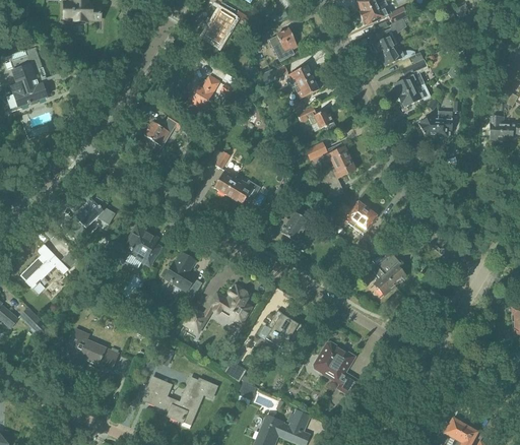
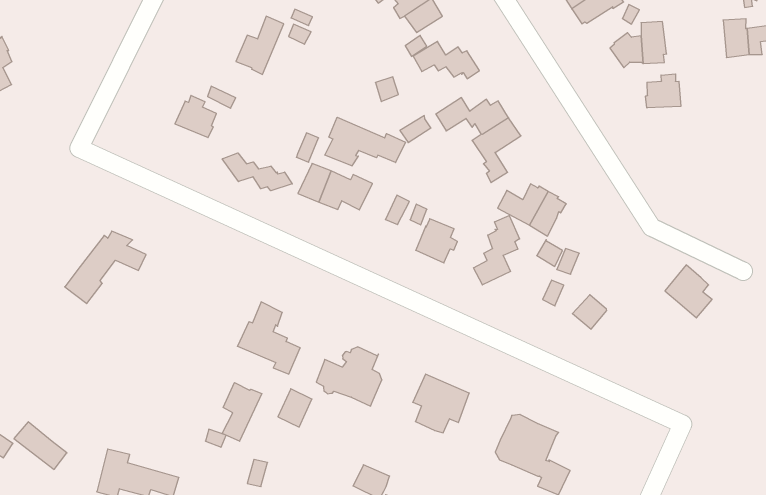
building: none -> [325,117,405,166]
building: none -> [646,74,681,108]
building: none -> [222,153,292,191]
building: none -> [474,216,520,285]
building: [122,224,162,265] -> none
building: [22,244,77,287] -> none
building: [378,250,406,283] -> [665,265,712,318]
building: none -> [222,383,262,441]

